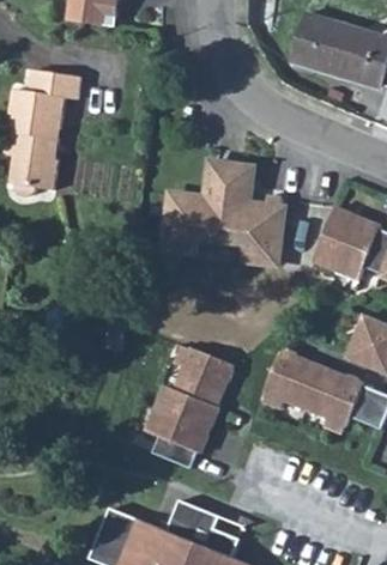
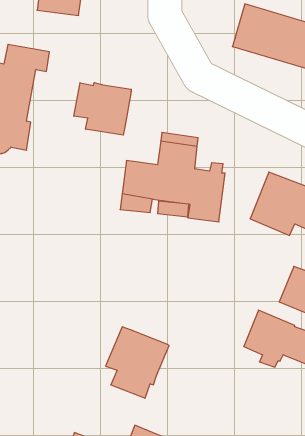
building: none -> [74,83,131,135]
building: [175,346,234,406] -> none
building: [262,350,322,408] -> none

